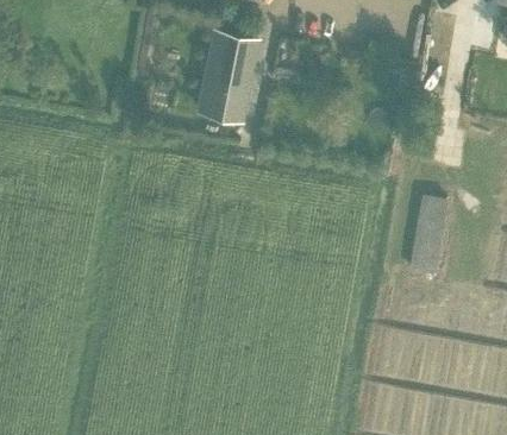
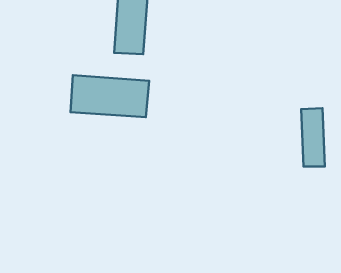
building: none -> [71,75,149,117]

